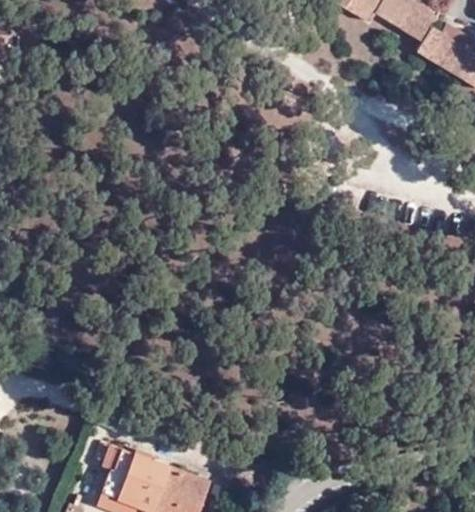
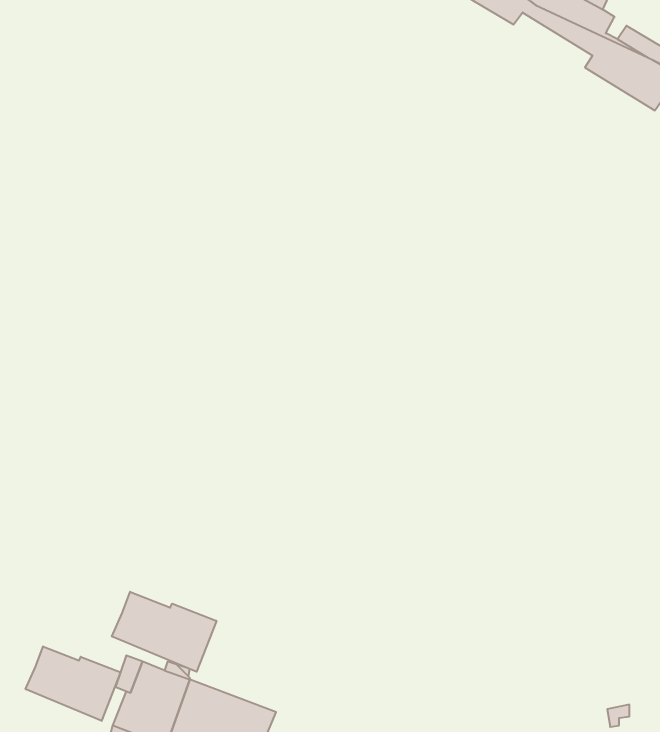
building: none -> [112,592,216,672]
building: none -> [26,646,121,721]

